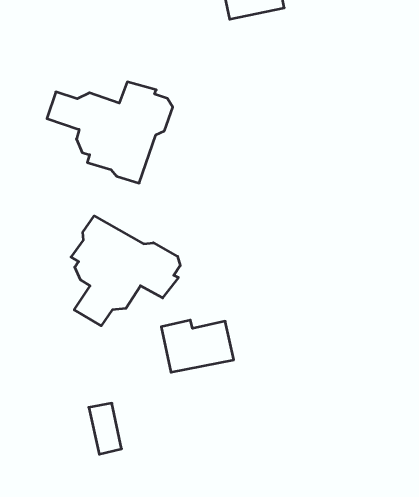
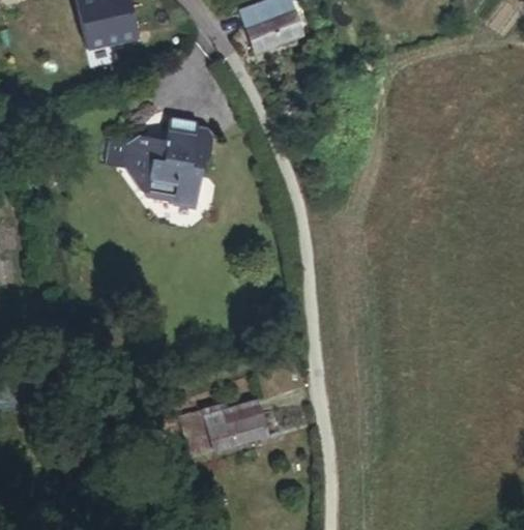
building: [71,216,180,326] -> none
building: [161,320,234,372] -> [201,401,272,455]

